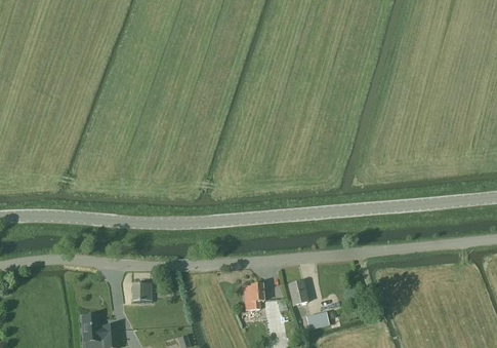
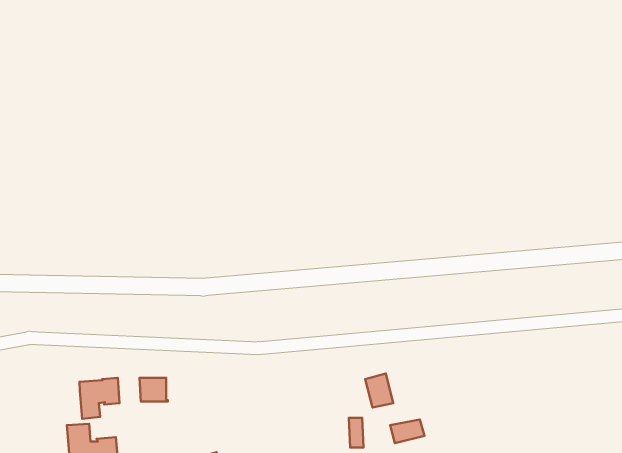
building: none -> [80,378,120,419]
building: [244,283,263,309] -> none

